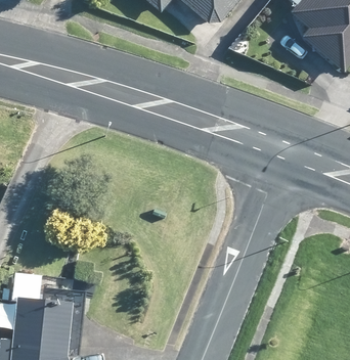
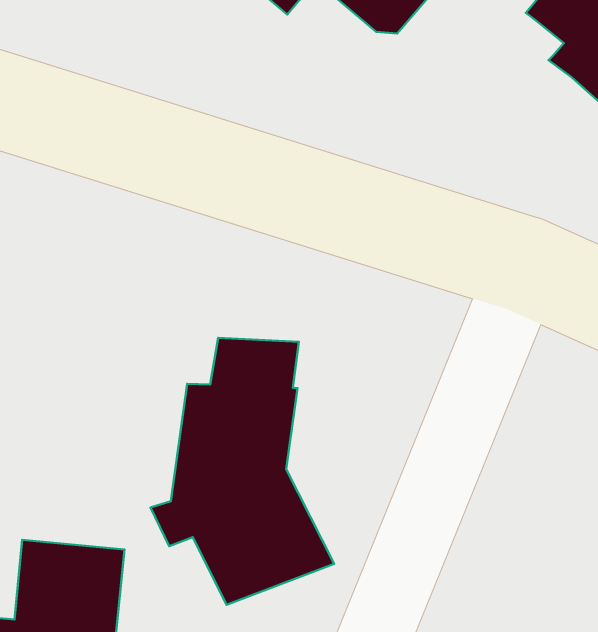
building: none -> [150,338,334,605]

